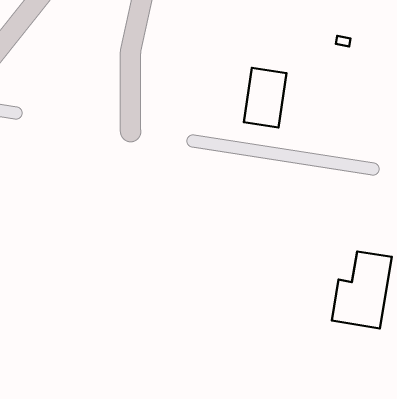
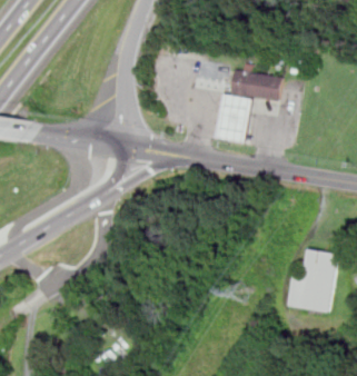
building: none -> [232,70,284,102]

